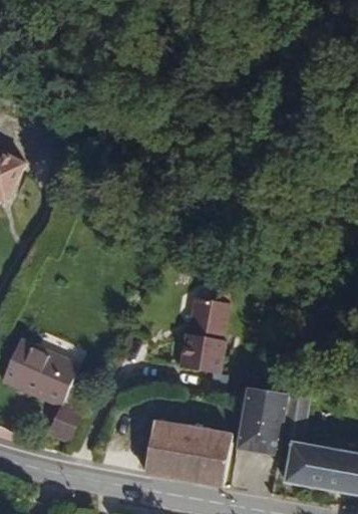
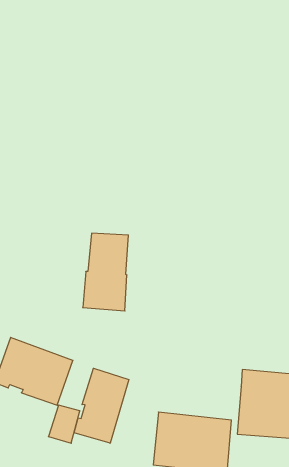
building: [178,288,231,366] -> [83,233,128,311]
building: none -> [74,368,129,443]

